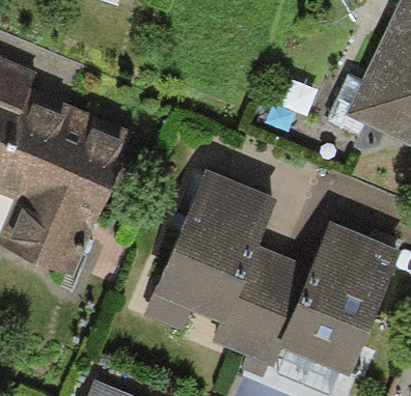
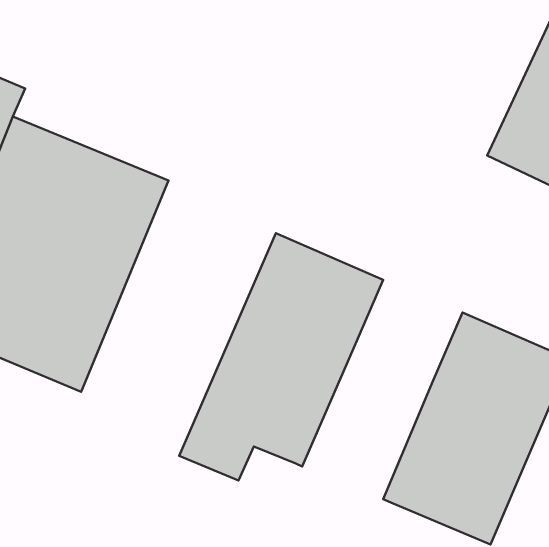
building: [210,245,309,367] -> none

